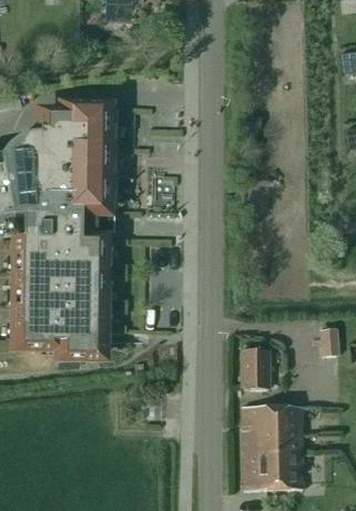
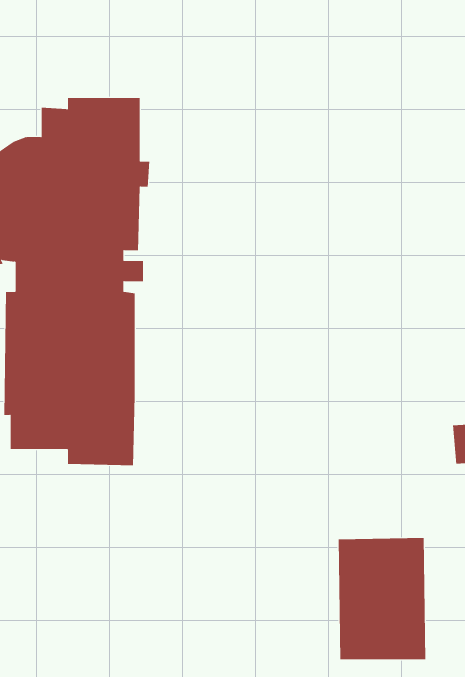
building: [242,349,271,387] -> none

